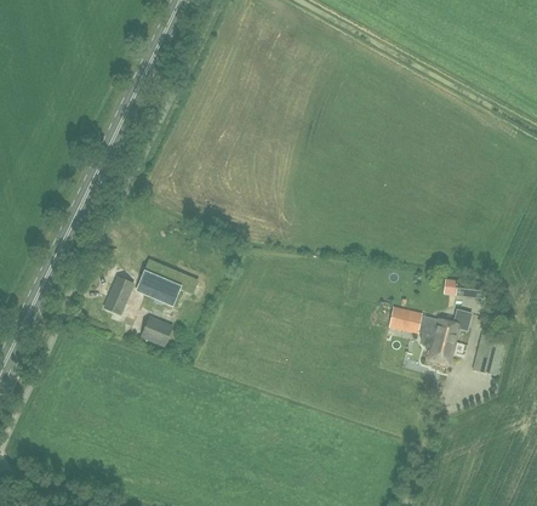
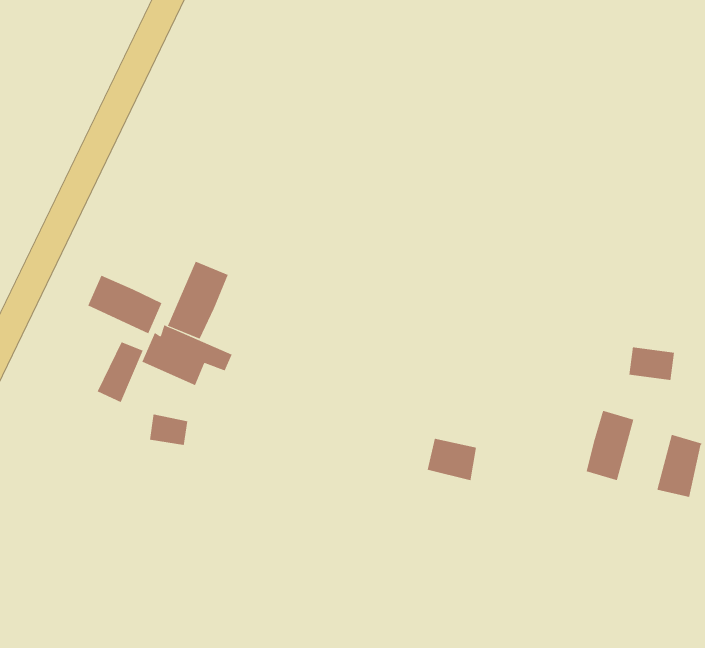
building: none -> [167,261,228,340]
building: none -> [87,275,162,334]
building: [385,307,418,335] -> [427,438,477,481]

